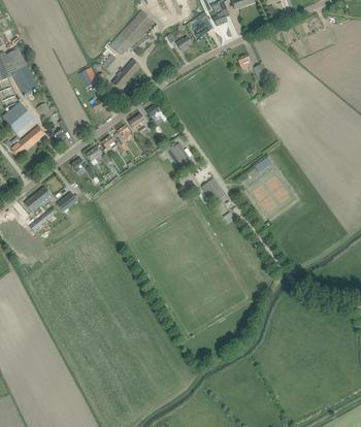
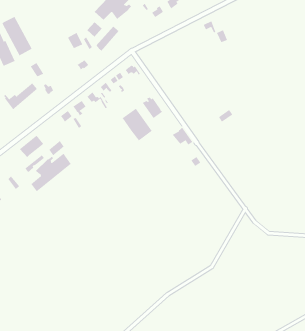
building: [5,105,33,136] -> none
building: none -> [122,108,153,141]
building: none -> [31,153,72,192]

